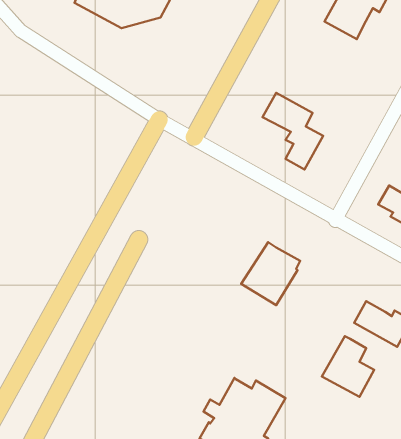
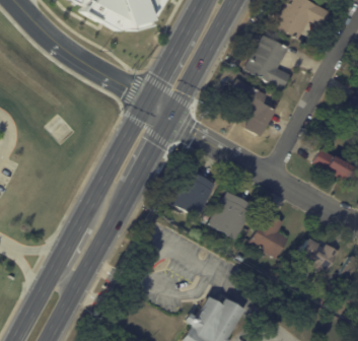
building: none -> [246,35,288,86]
building: none -> [170,169,214,216]
building: [322,336,374,397] -> [248,211,288,257]

